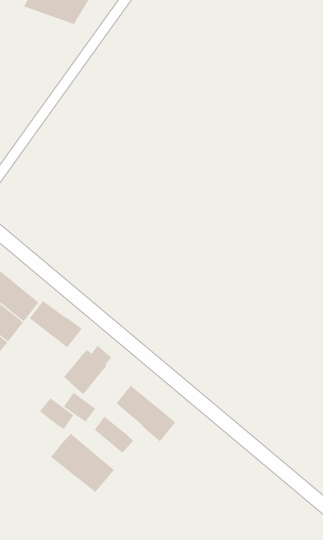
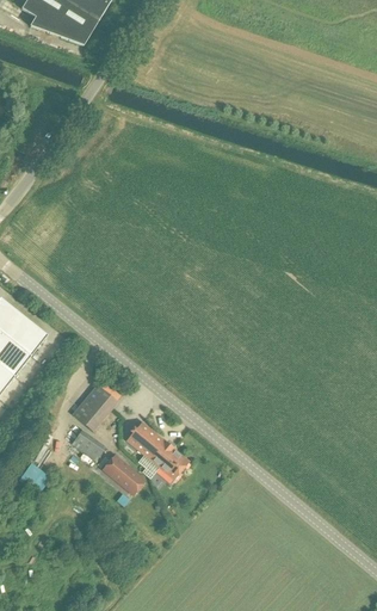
building: [29,300,82,348] -> none
building: [39,397,74,430] -> none
building: [50,433,115,493] -> none

